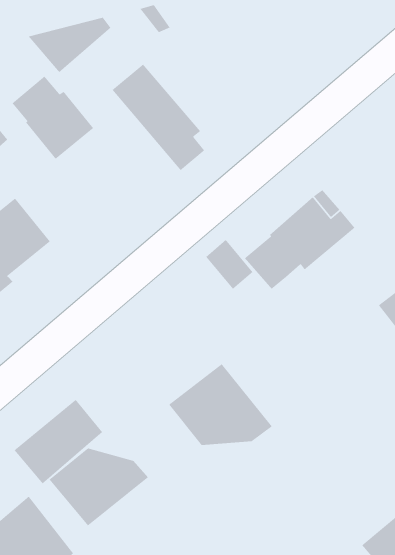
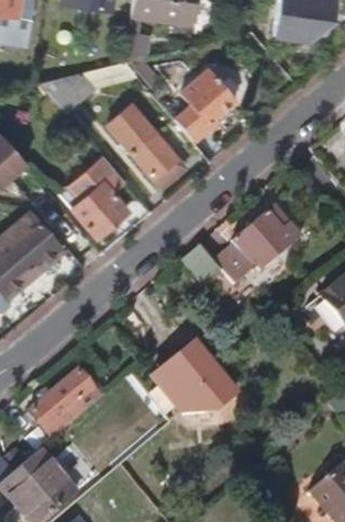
building: none -> [166,67,233,139]
building: [11,76,94,160] -> [62,170,127,237]
building: [48,448,149,527] -> none

